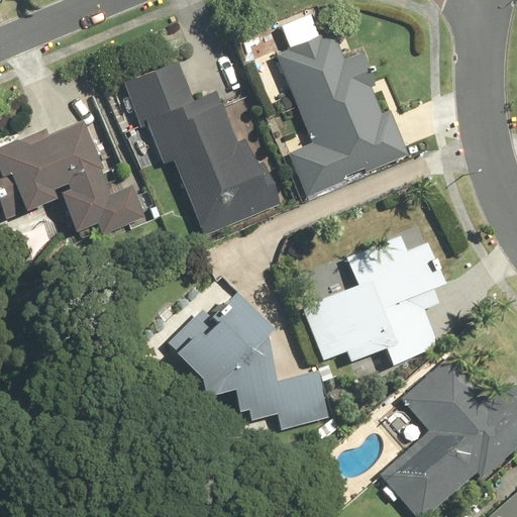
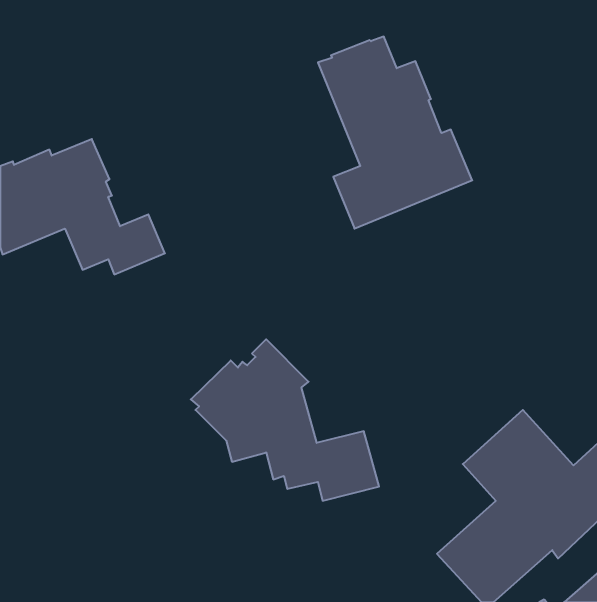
building: [122,59,282,236] -> none
building: [302,236,442,366] -> none

